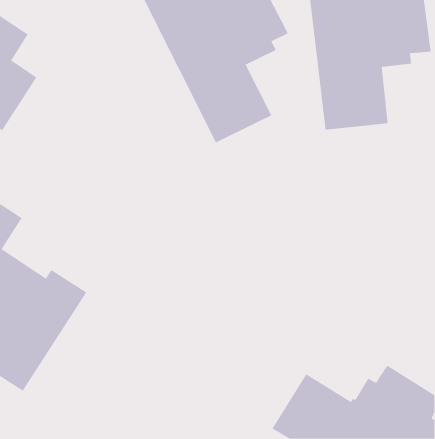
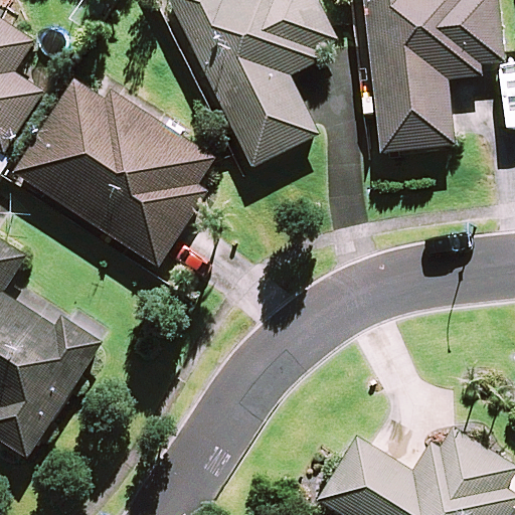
building: none -> [12,78,214,266]

